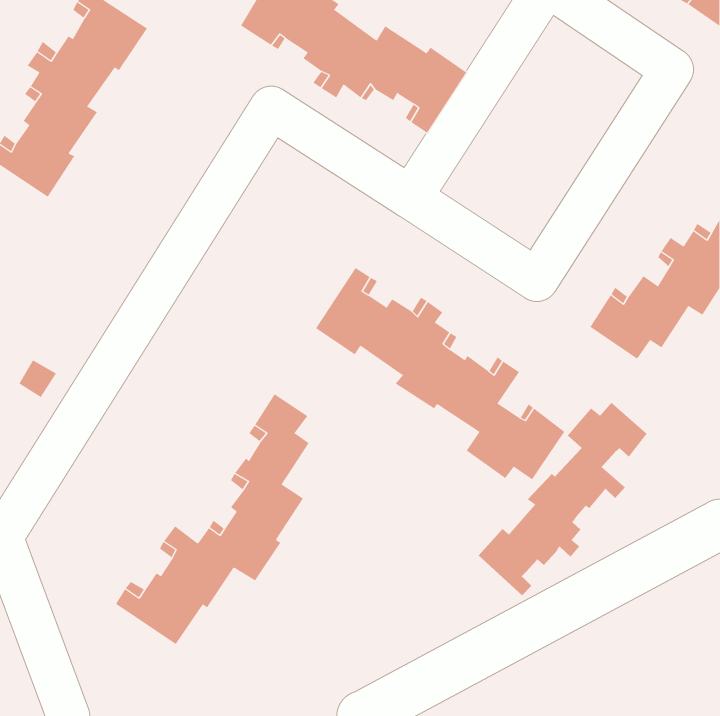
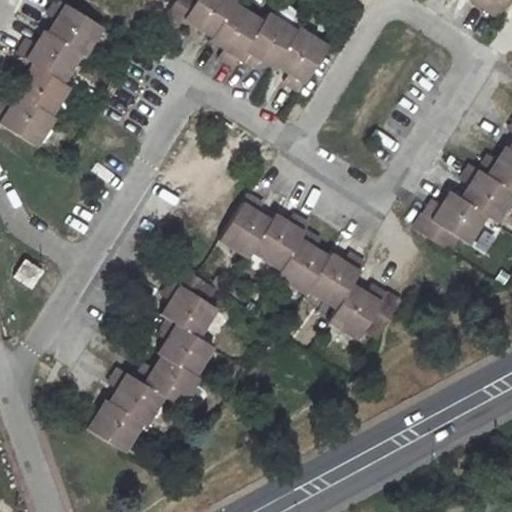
building: [478,402,648,596] -> none

